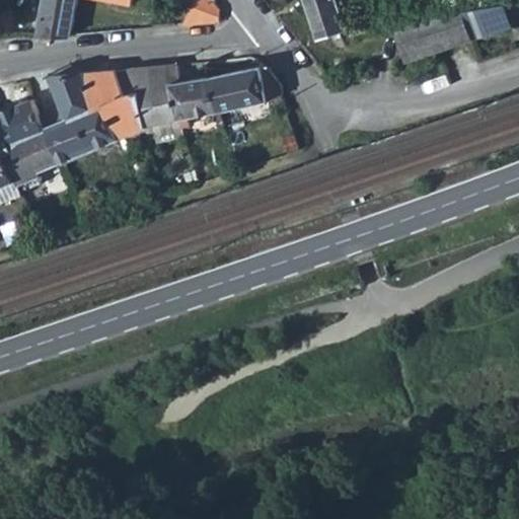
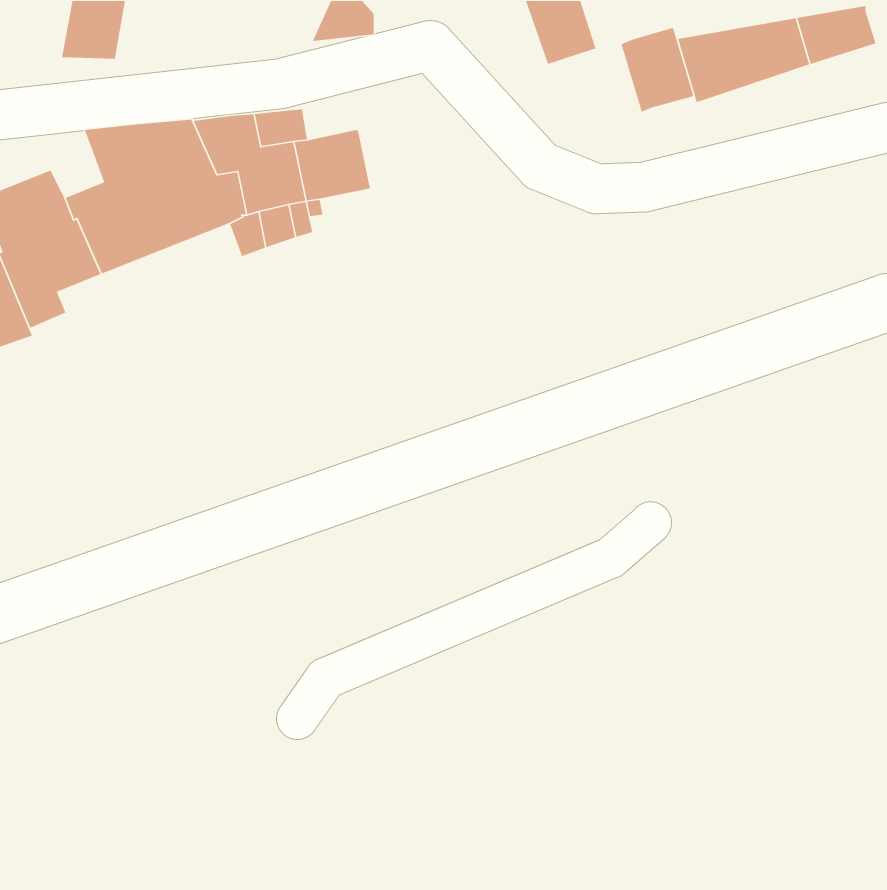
building: none -> [621,27,694,113]
building: [208,67,279,112] -> none

